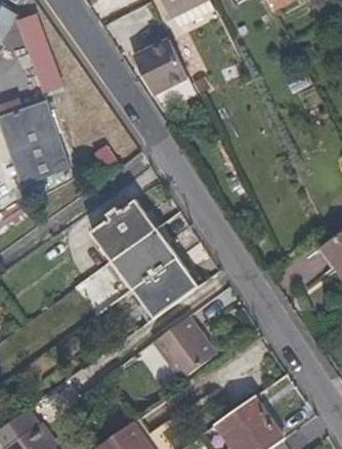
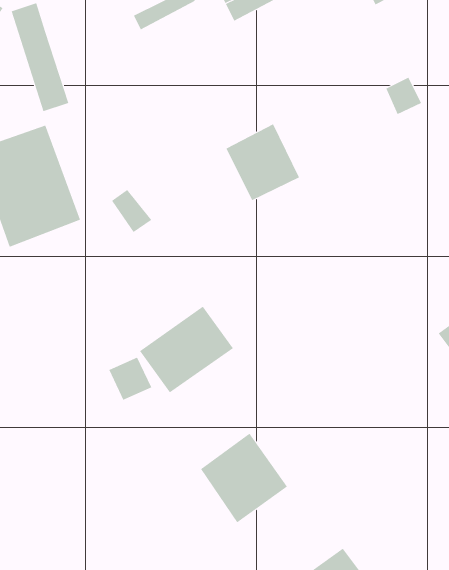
building: [135,39,187,93] -> [226,124,300,201]
building: [90,197,156,258] -> none
building: [132,256,198,318] -> none

